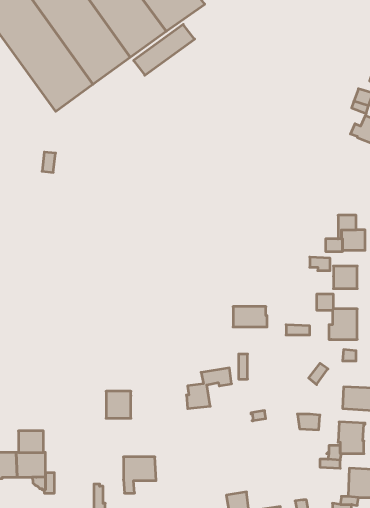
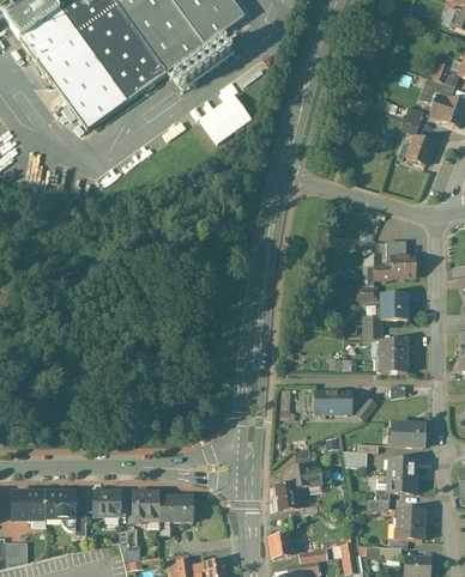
building: none -> [199,91,252,142]
building: [233,307,267,327] -> [315,390,351,412]
building: [186,368,232,409] -> [272,466,320,509]
building: [106,391,131,418] -> [132,491,158,520]
building: [18,431,43,452] -> [93,491,120,514]

